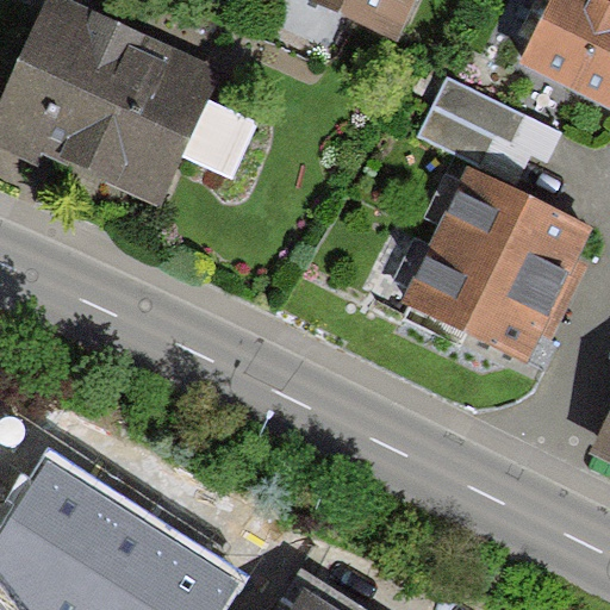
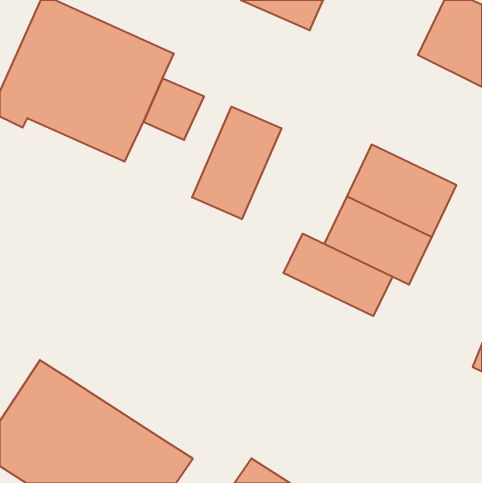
building: [419,77,555,182] -> none
building: none -> [192,107,281,219]
building: none -> [284,234,393,316]

